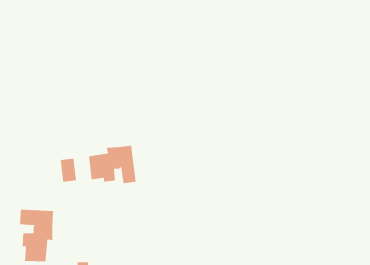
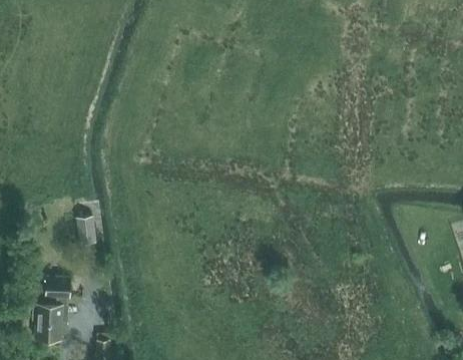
building: [88,145,136,184] -> none

